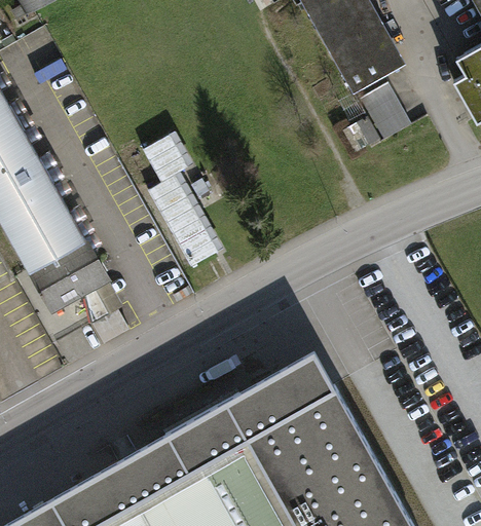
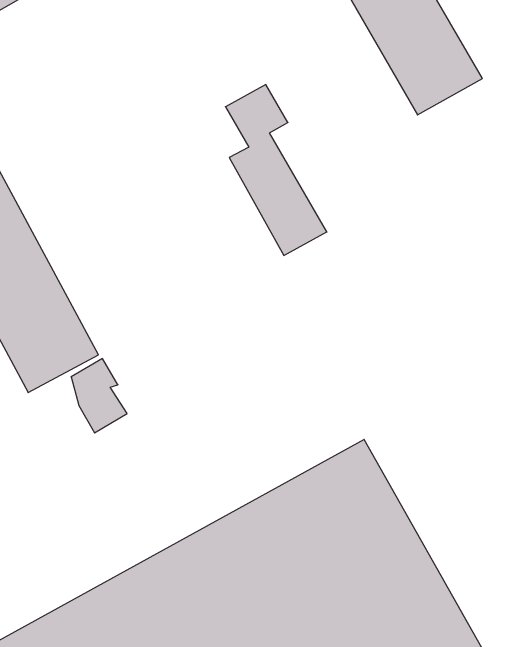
building: [363,79,414,136] -> none
building: [143,136,223,270] -> [225,85,327,255]

